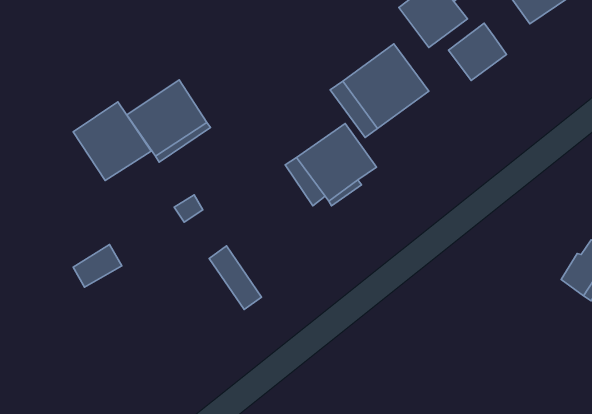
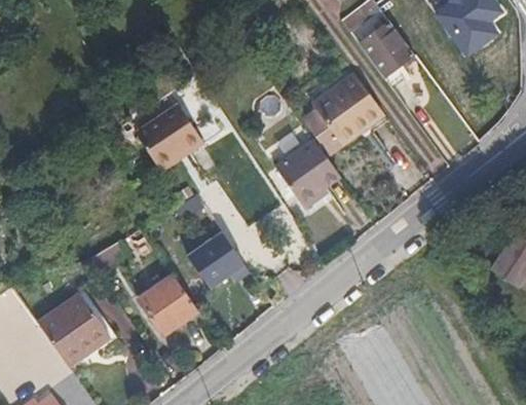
building: [449,23,507,80] -> none
building: [73,102,151,181] -> none
building: none -> [138,274,198,335]
building: none -> [38,293,110,365]

